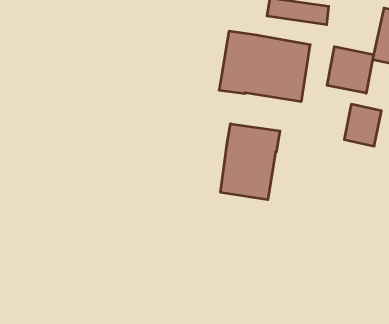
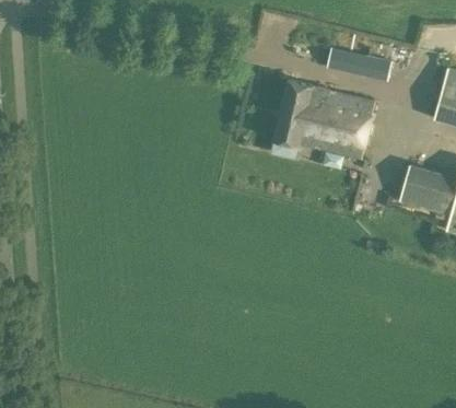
building: [327,47,374,93] -> none
building: [221,124,280,200] -> none

